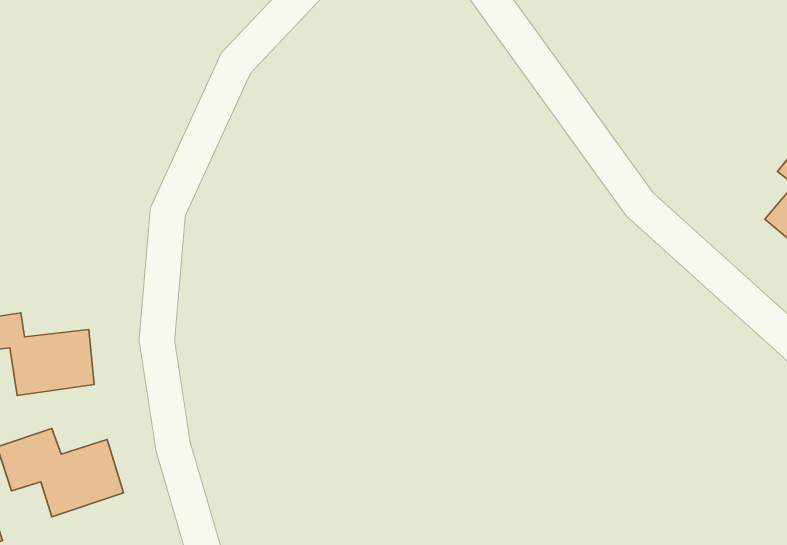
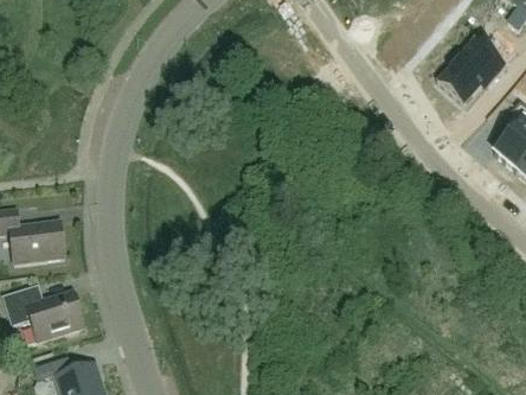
building: none -> [436,36,506,103]

